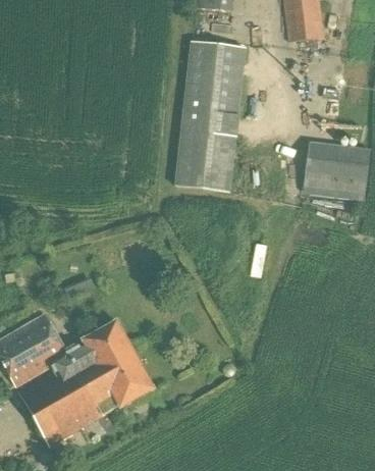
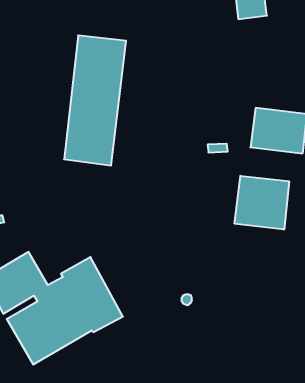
building: [174,40,247,192] -> [64,35,126,165]
building: none -> [235,176,289,230]

